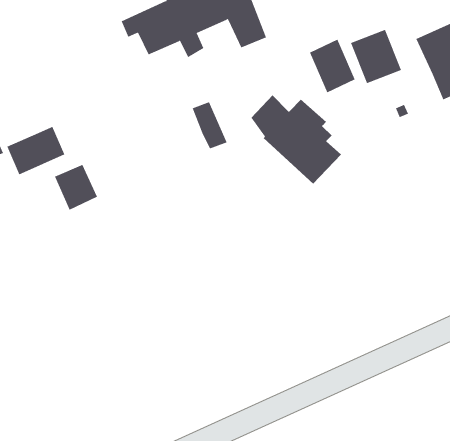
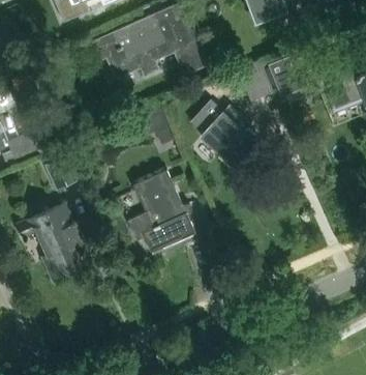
building: none -> [126,168,195,252]
building: none -> [17,203,89,278]

